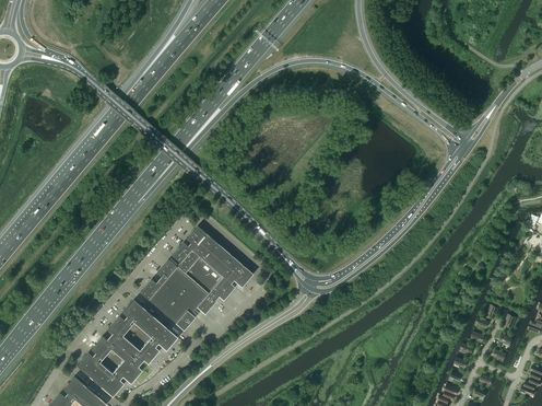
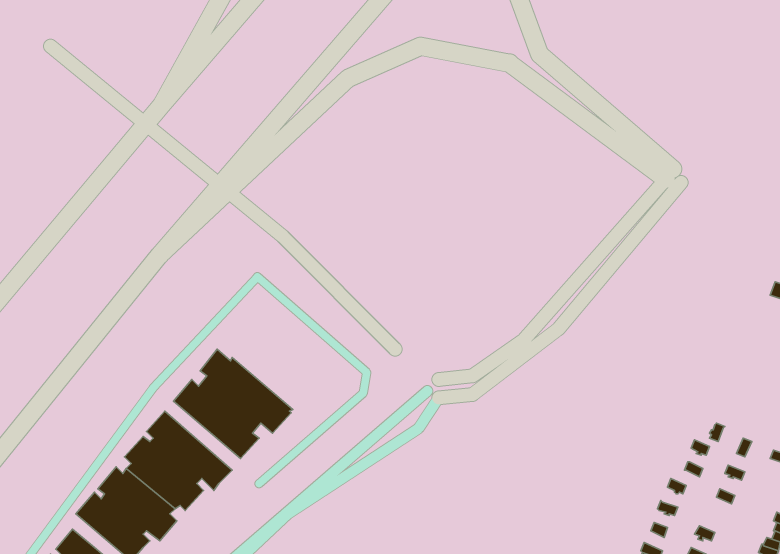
building: [172,227,254,301] -> none

